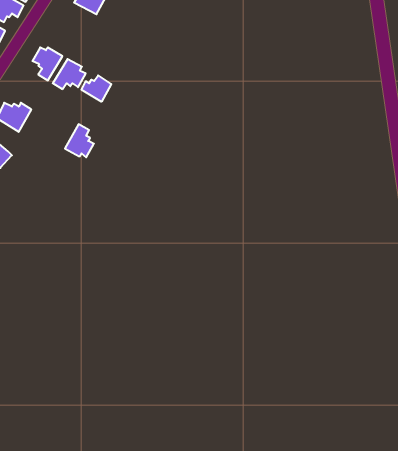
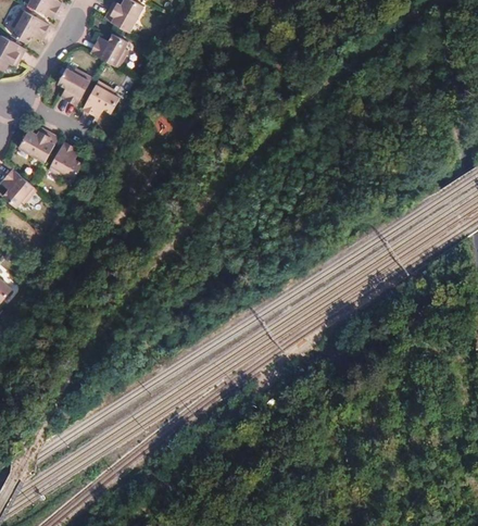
building: none -> [92,35,129,68]
building: [81,75,111,102] -> none
building: [65,124,94,157] -> [45,145,77,181]

